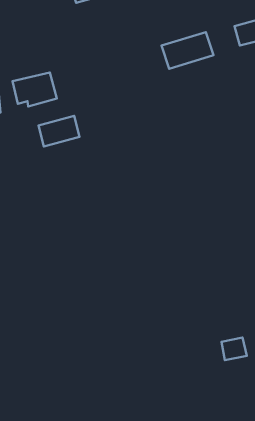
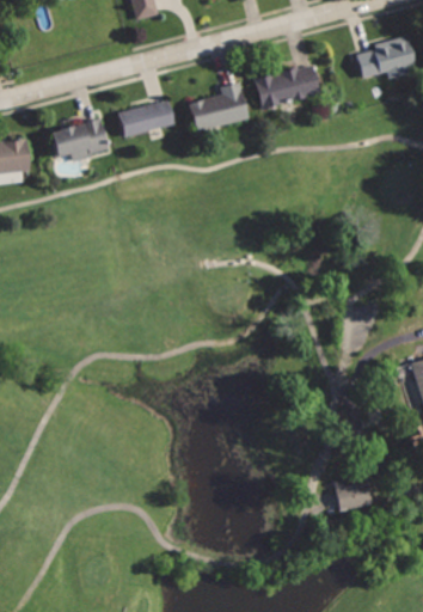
building: none -> [185,81,250,134]
building: [39,116,80,146] -> [118,96,174,137]

